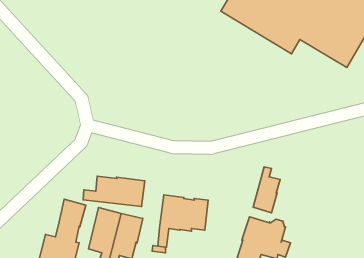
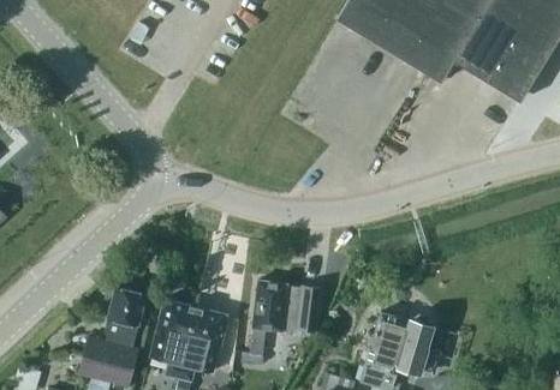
building: [253,167,280,213] -> none
building: [83,176,145,206] -> none

